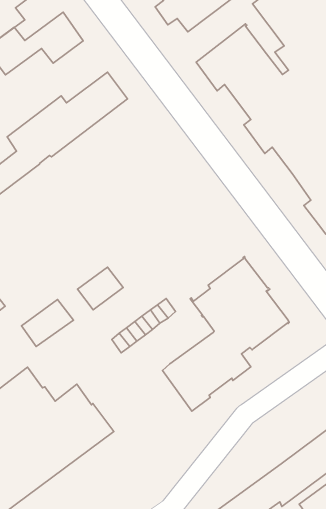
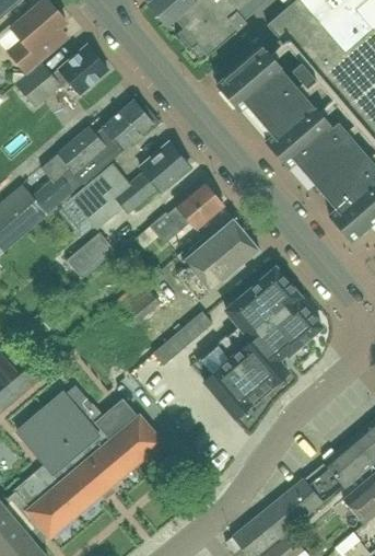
building: none -> [70,143,189,228]
building: none -> [148,182,223,243]
building: none -> [176,218,259,300]
building: [22,300,73,346] -> [66,233,115,279]

